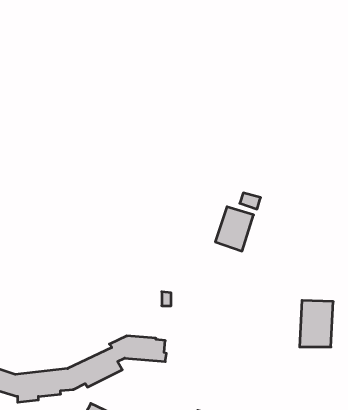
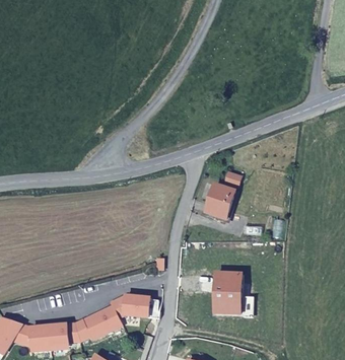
building: [300,300,333,347] -> [212,273,242,313]

